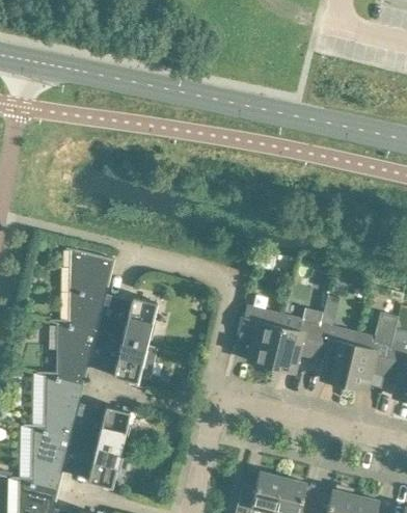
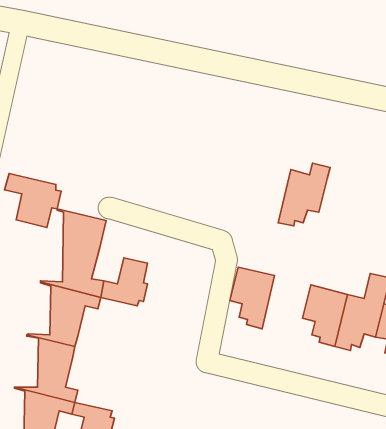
building: none -> [4,174,61,227]
building: [268,308,320,371] -> [278,163,330,226]
building: [104,336,156,382] -> none
building: [81,406,128,450] -> none

